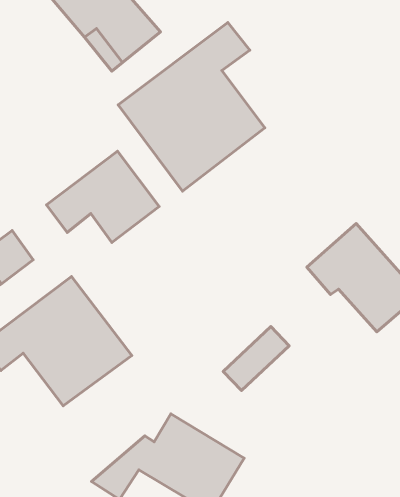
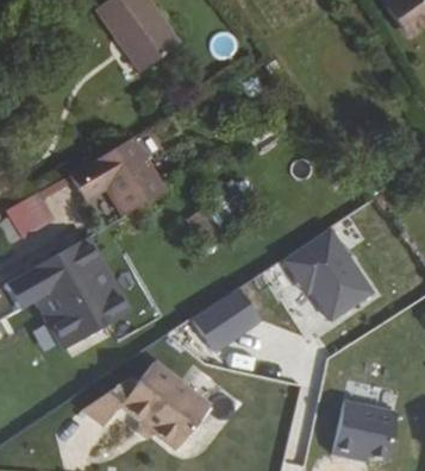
building: [118,22,265,191] -> none

